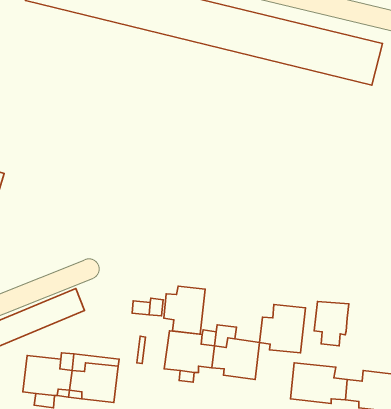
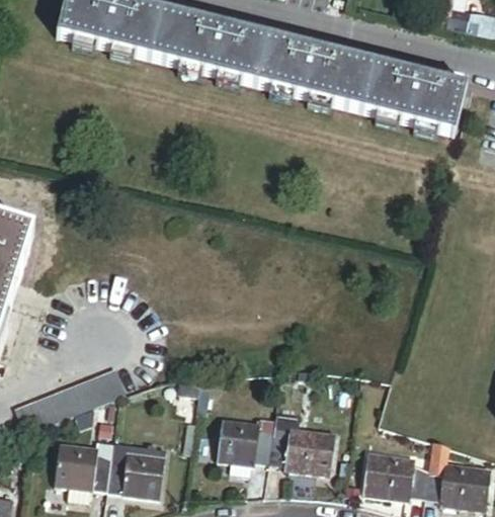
building: [164,286,205,334] -> none
building: [314,301,349,346] -> none
building: [260,304,306,353] -> none

